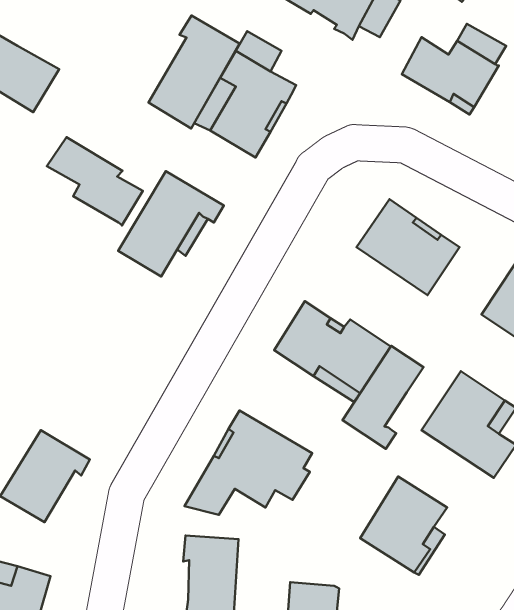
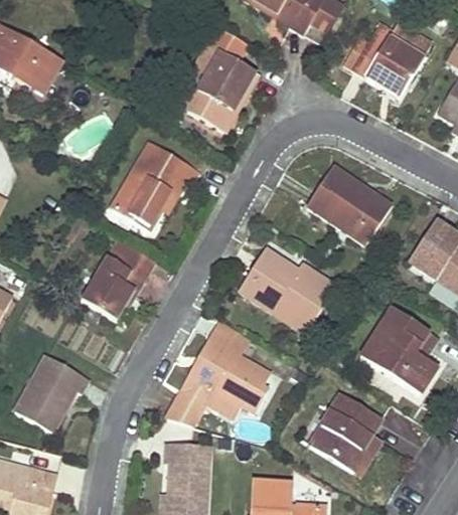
building: [149,15,240,128] -> none
building: [47,137,143,225] -> none
building: none -> [82,238,155,319]
building: [342,346,424,449] -> none

